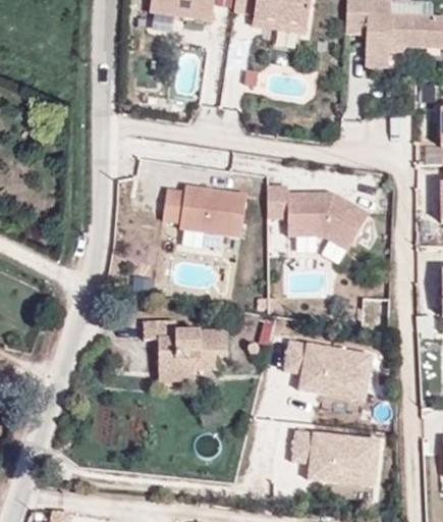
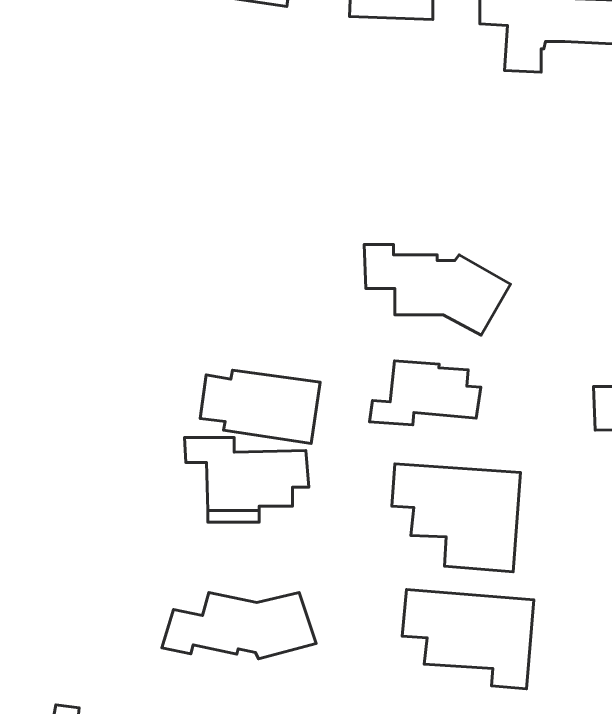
building: [162,187,245,238] -> [200,370,320,443]
building: none -> [370,361,481,425]
building: none -> [162,592,316,659]

